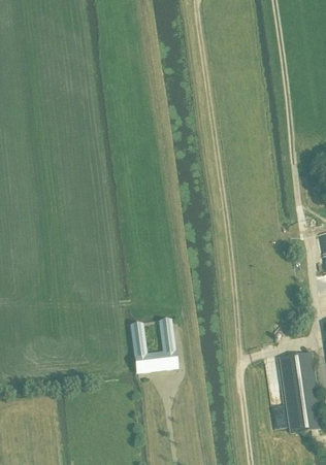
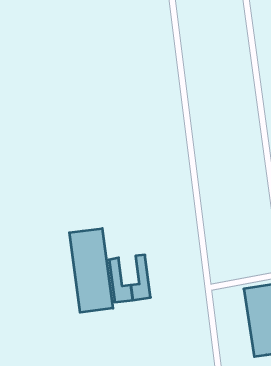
building: none -> [69,228,113,312]

